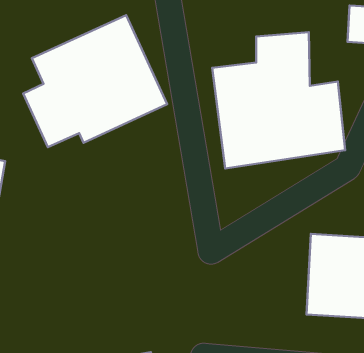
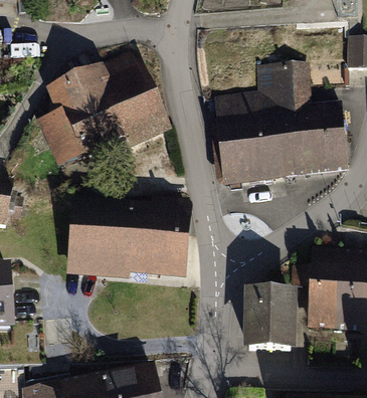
building: none -> [68,196,197,277]
building: none -> [241,293,295,355]

